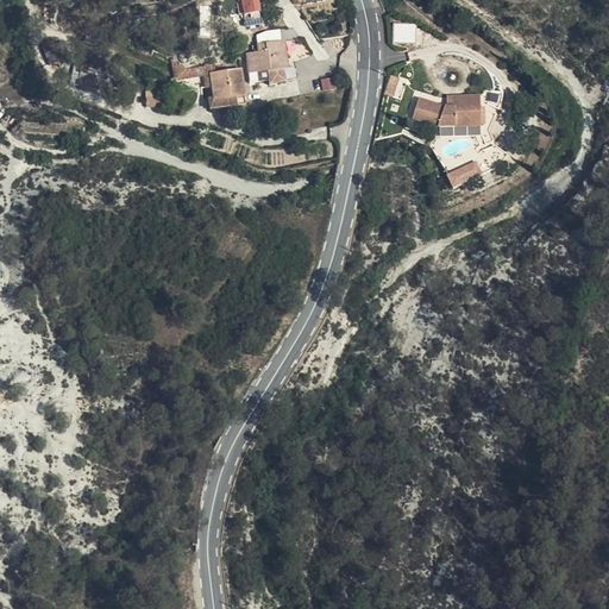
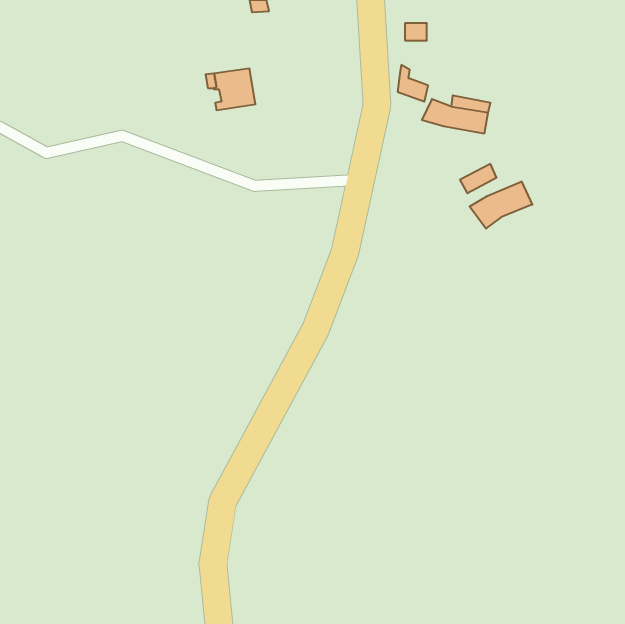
building: [246,42,288,71] -> none
building: none -> [470,181,532,229]

